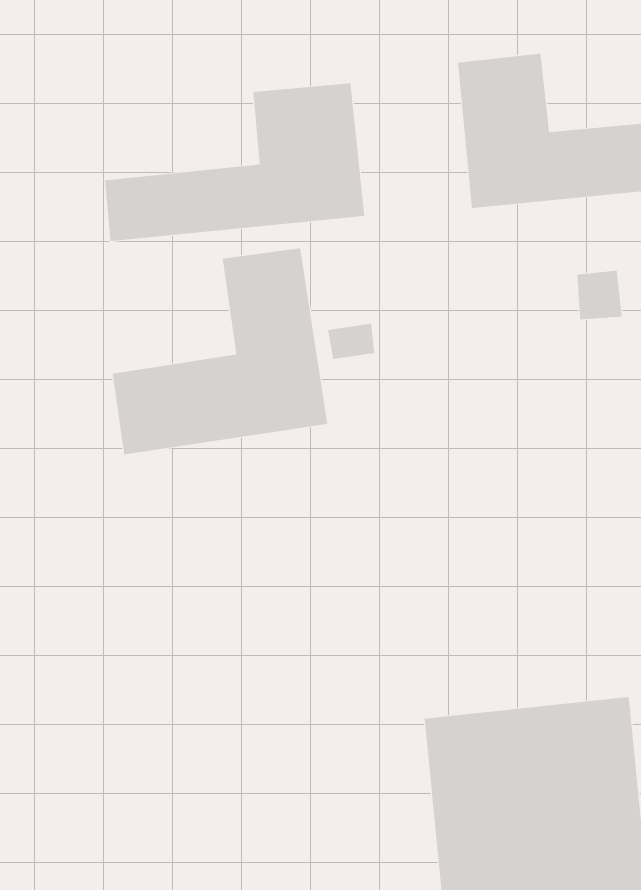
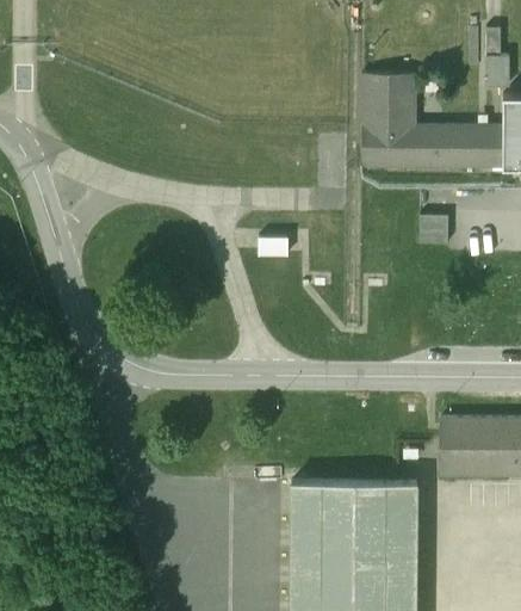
building: [105,82,365,242] -> none
building: [112,247,328,455] -> none

